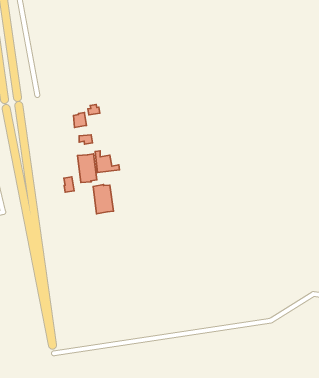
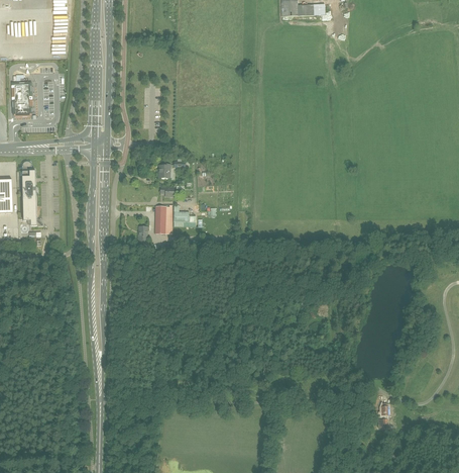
building: [93,185,113,214] -> none

